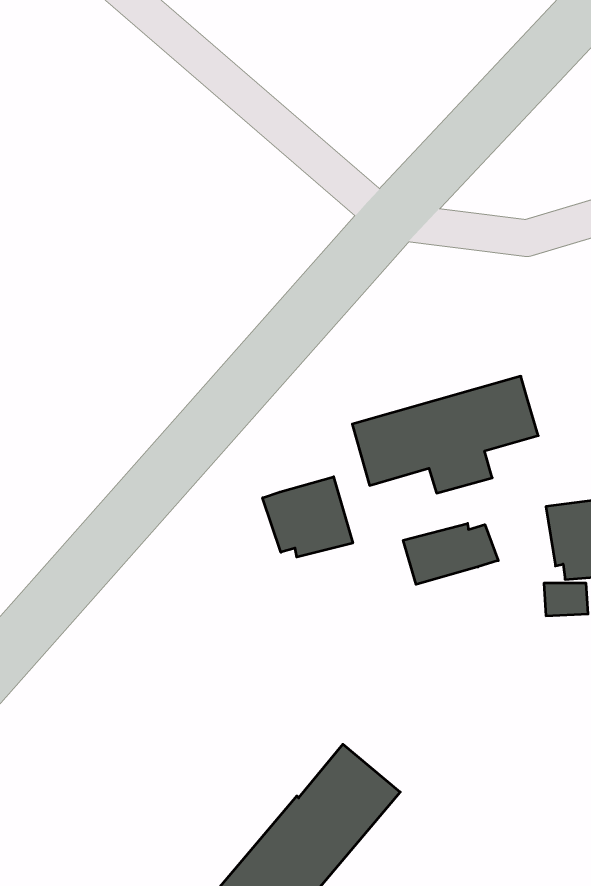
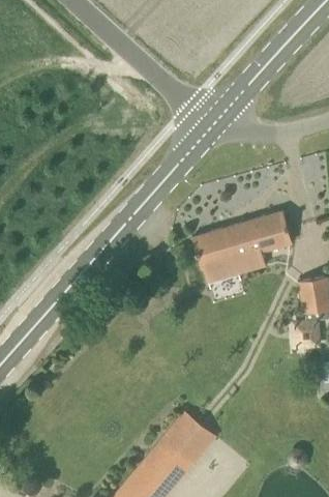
building: [263,477,353,557] -> none
building: [403,523,498,584] -> none

